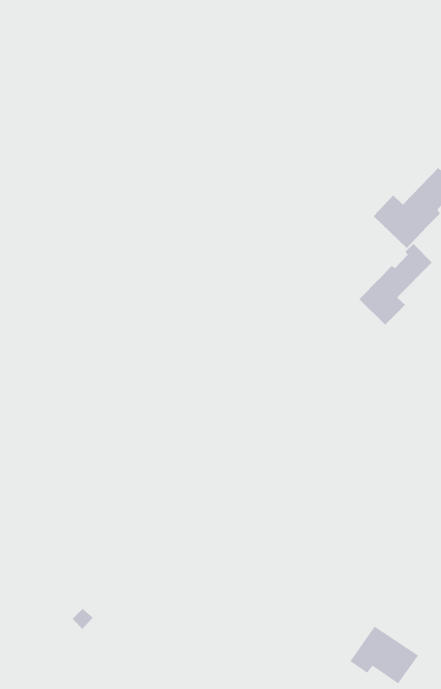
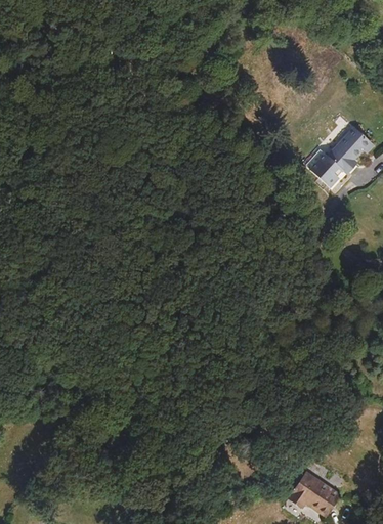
building: [359,243,433,325] -> none

